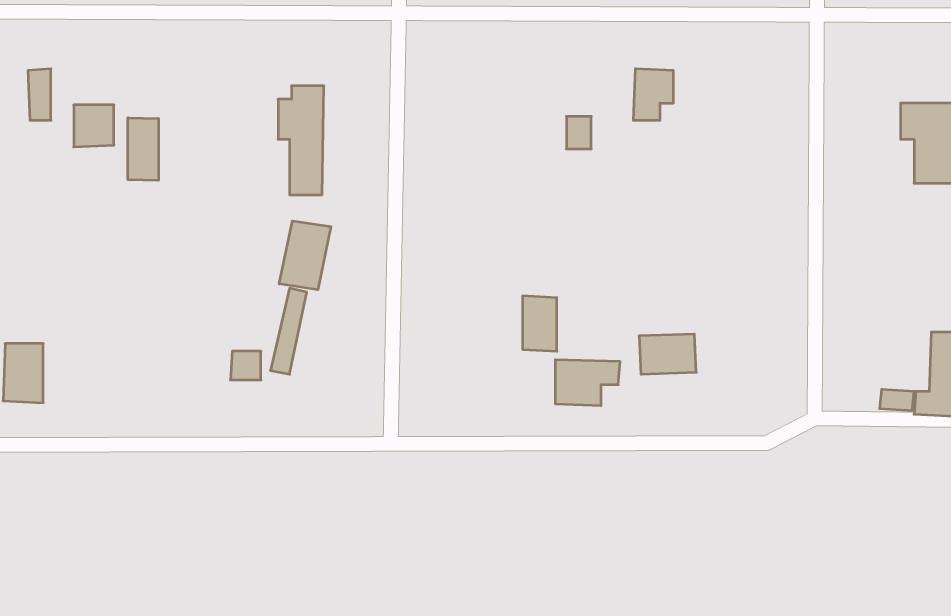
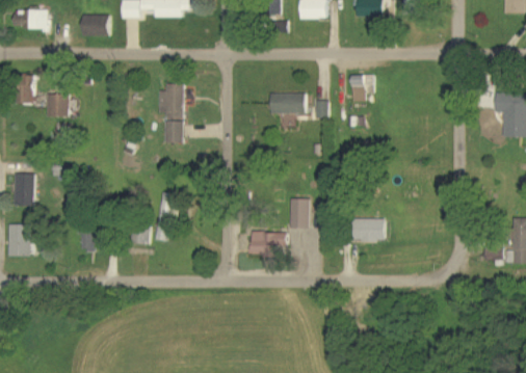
building: none -> [271,92,306,113]
building: [128,118,158,180] -> none
building: [279,221,331,290] -> none
building: none -> [14,172,34,204]
building: [555,360,620,406] -> [254,231,289,256]

